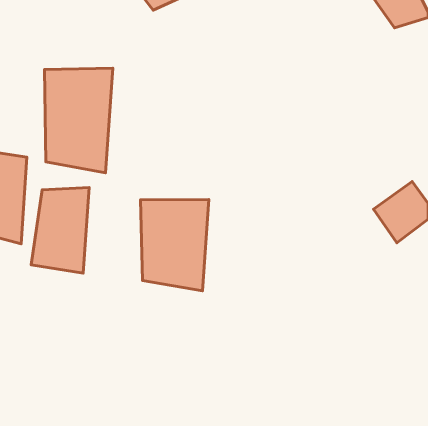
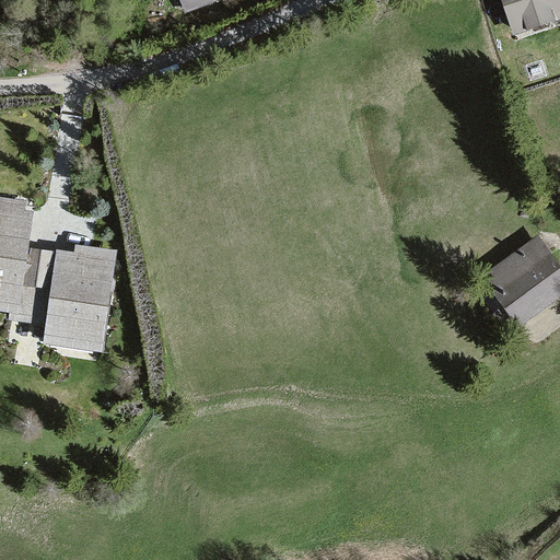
building: [45,68,113,173] -> none
building: [141,199,209,291] -> none

